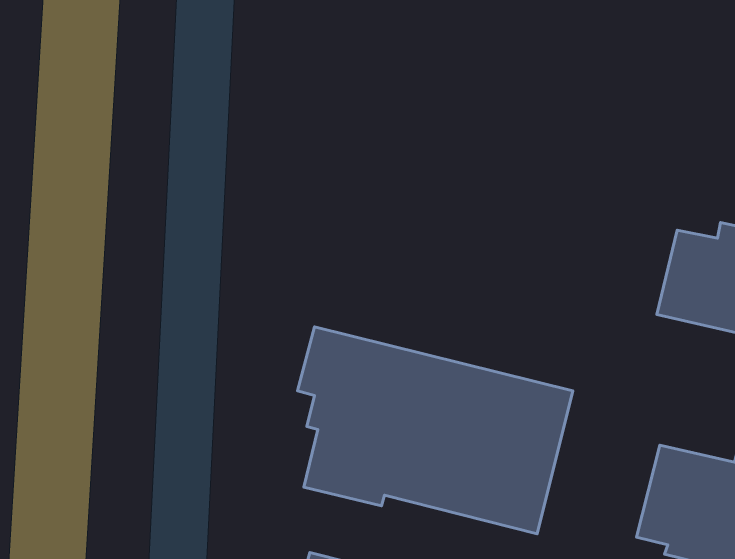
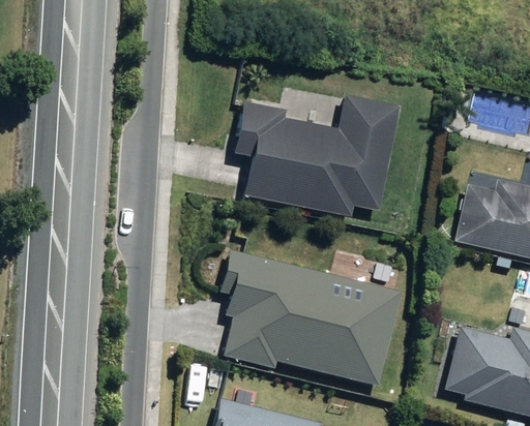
building: none -> [232,95,401,217]

